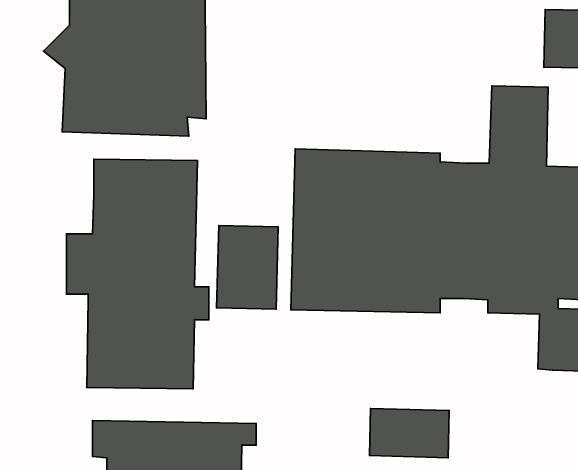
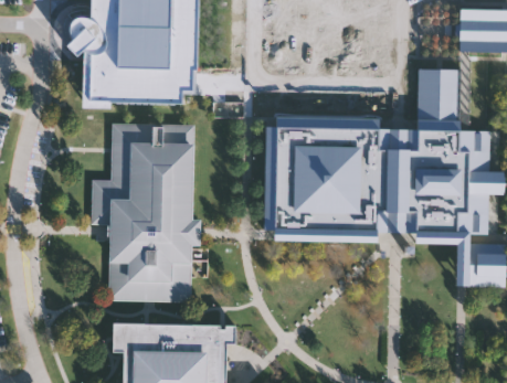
building: [217,225,278,309] -> none
building: [369,408,449,458] -> none

